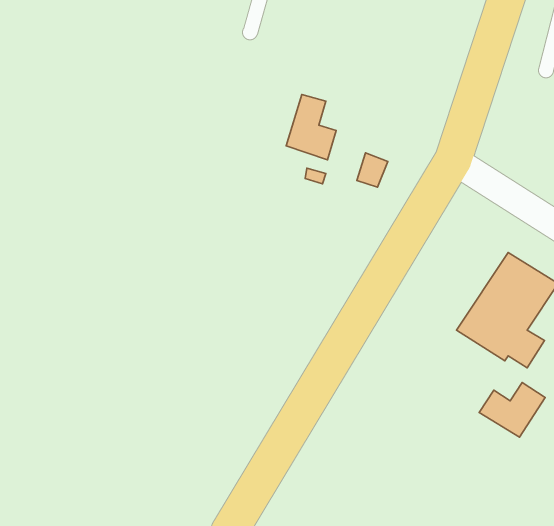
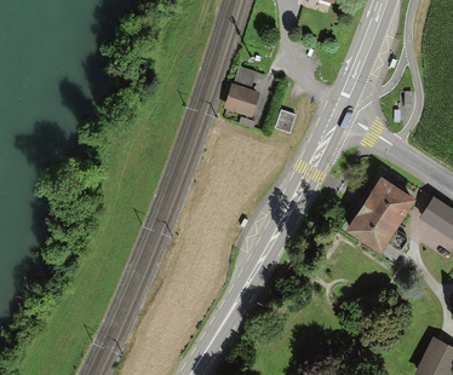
building: [479,382,545,437] -> none

